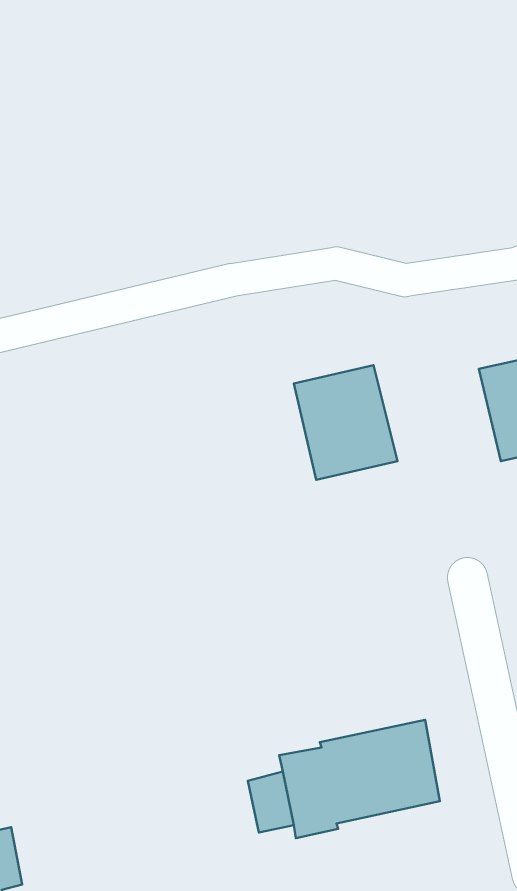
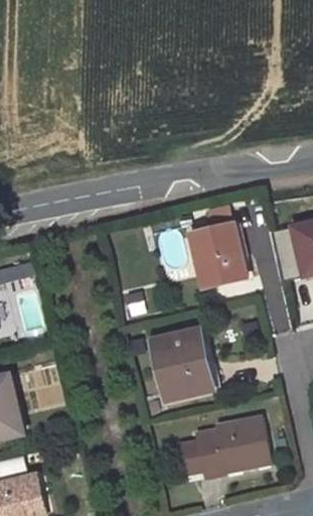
building: none -> [155,331,212,399]

